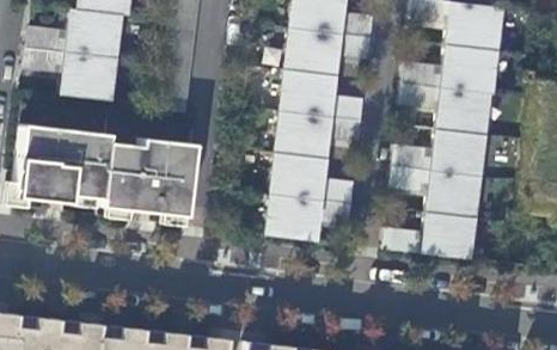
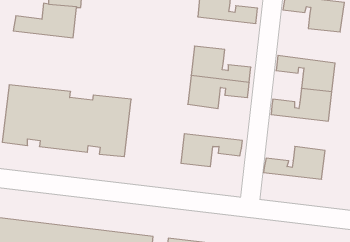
building: [286,27,373,74] -> none
building: [404,44,492,93] -> none
building: [25,48,114,100] -> none
building: [271,152,356,203] -> none
building: [391,166,476,217] -> none

